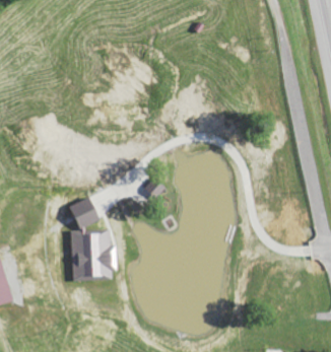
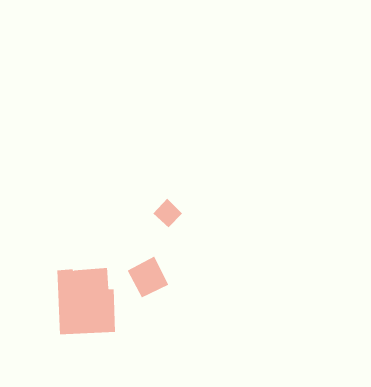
building: [69,195,102,227] -> [127,256,169,298]

